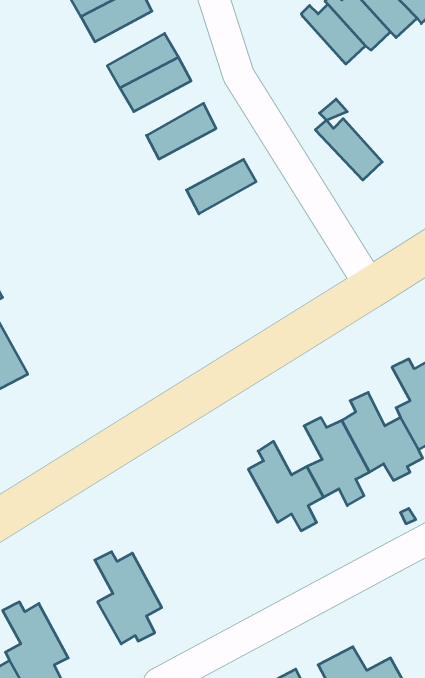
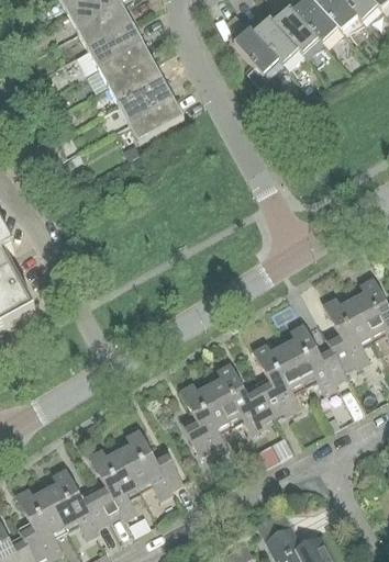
building: none -> [88,24,143,67]
building: [315,119,382,180] -> [230,29,282,77]
building: [186,159,256,214] -> [119,79,174,122]
building: none -> [179,382,232,454]
building: none -> [118,428,182,499]
building: none -> [44,468,109,539]

